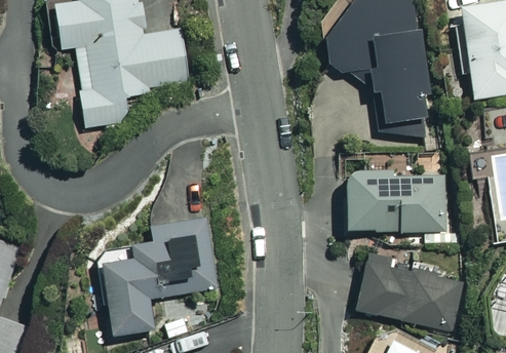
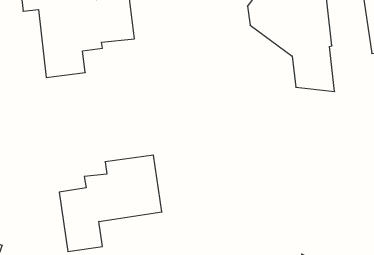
building: [345,169,447,231] -> none
building: [354,261,466,334] -> none

